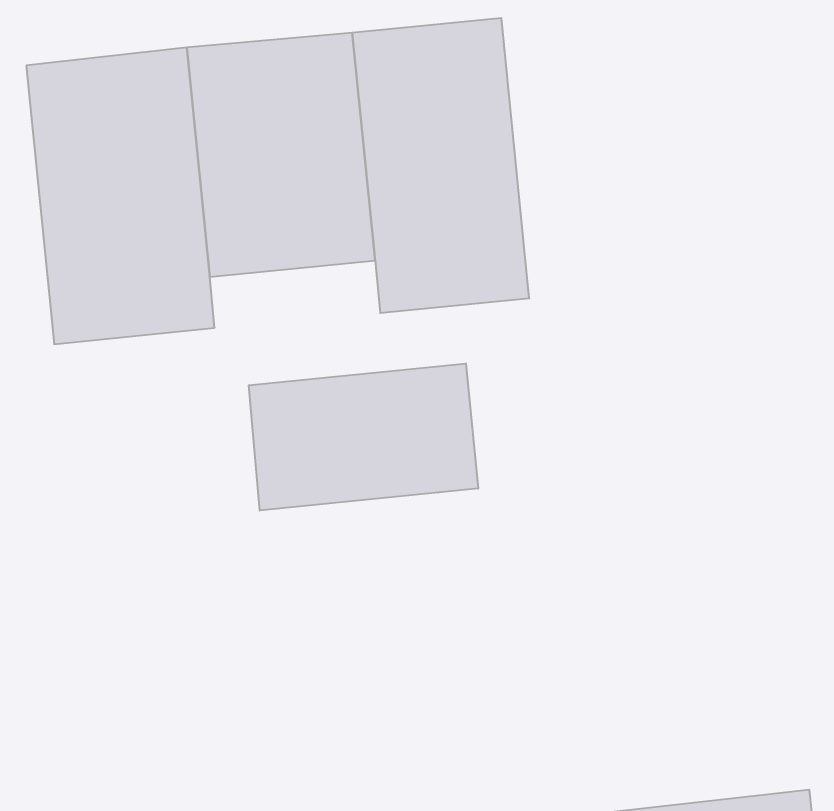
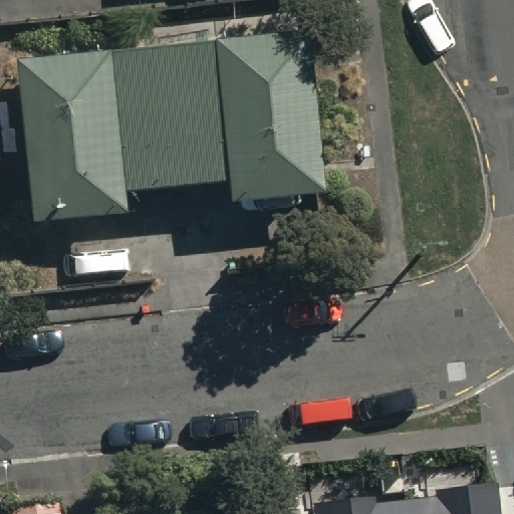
building: [249,363,478,511] -> none

